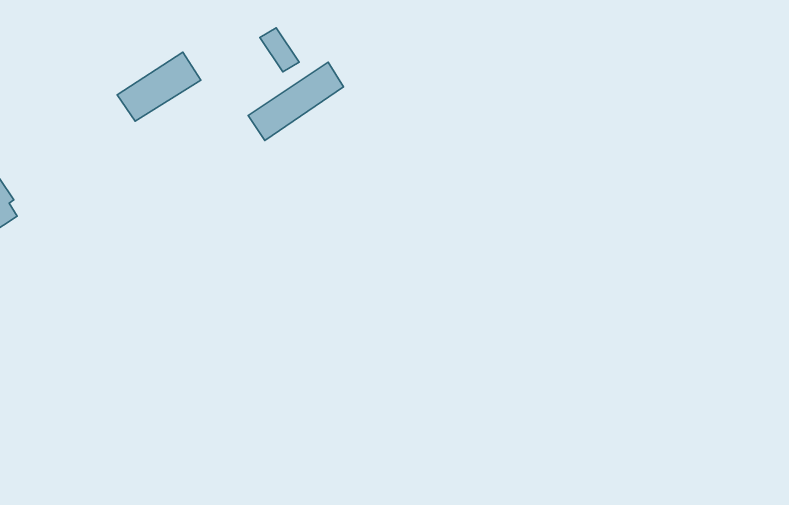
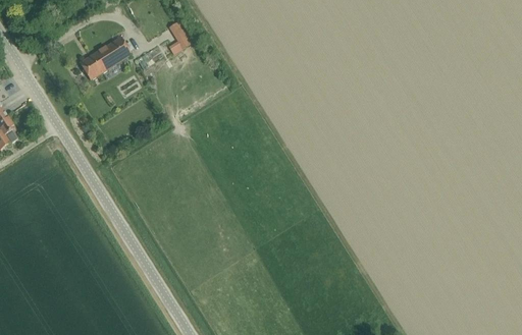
building: [248,62,343,141] -> none

